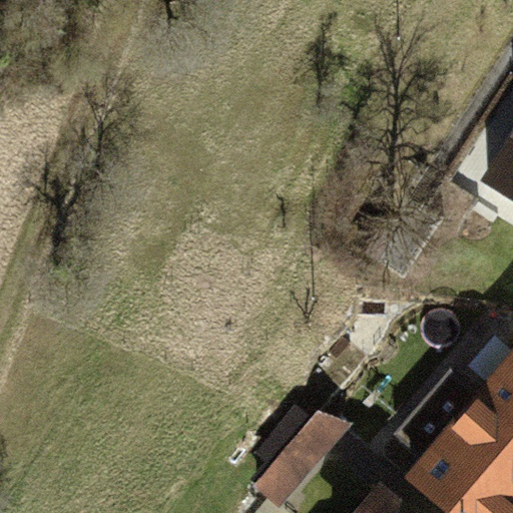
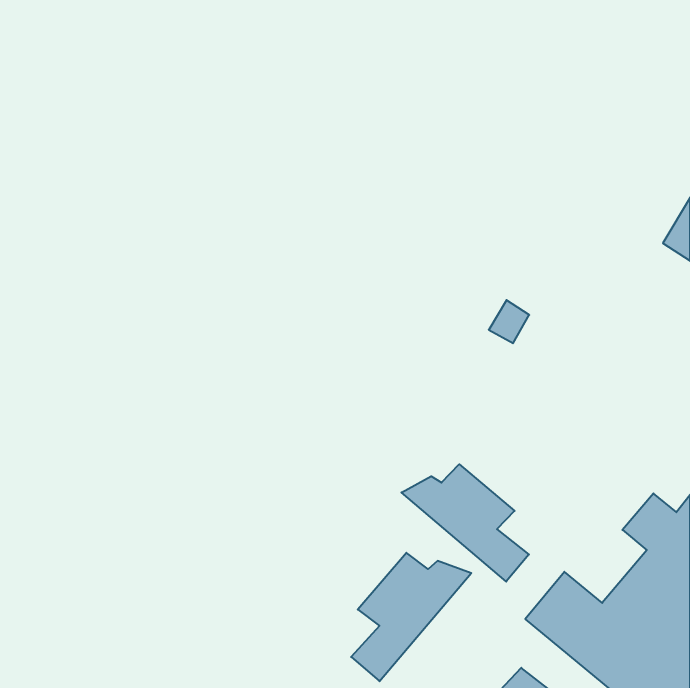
building: none -> [401,464,529,582]

